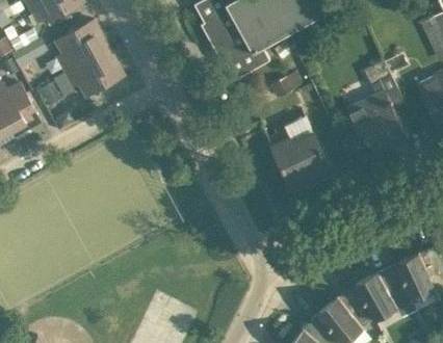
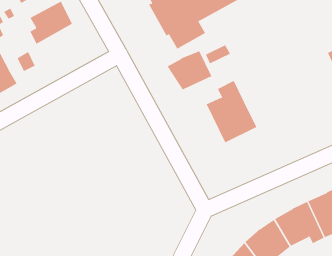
building: [64,49,125,98] -> none
building: [342,61,408,155] -> none
building: none -> [167,49,212,90]

